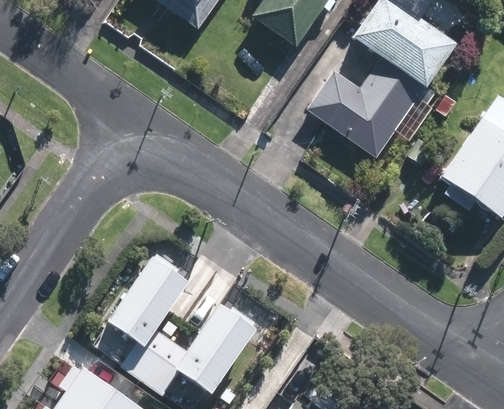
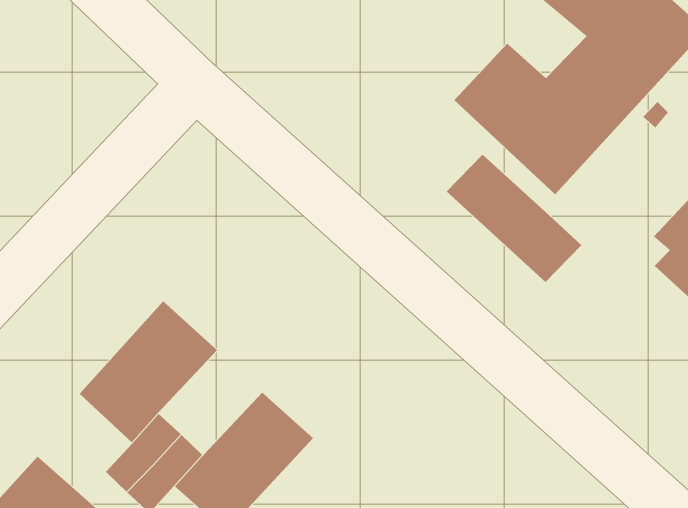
building: none -> [446,154,582,283]

